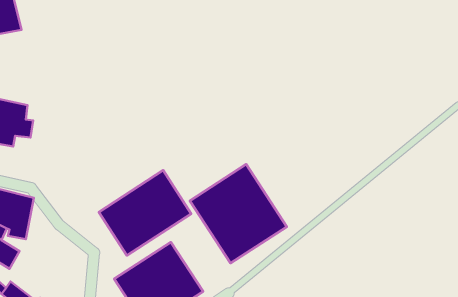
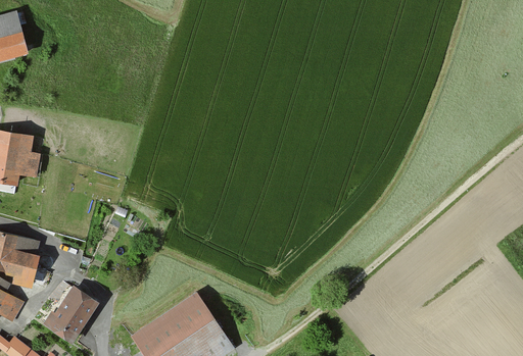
building: [190,164,287,263] -> none
building: [99,170,191,256] -> none
building: none -> [43,287,98,343]

